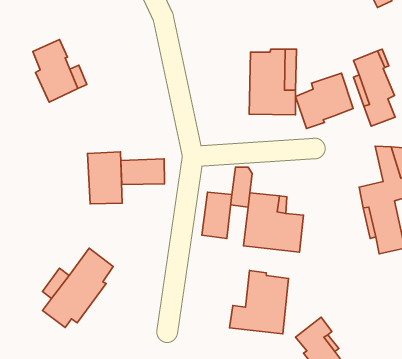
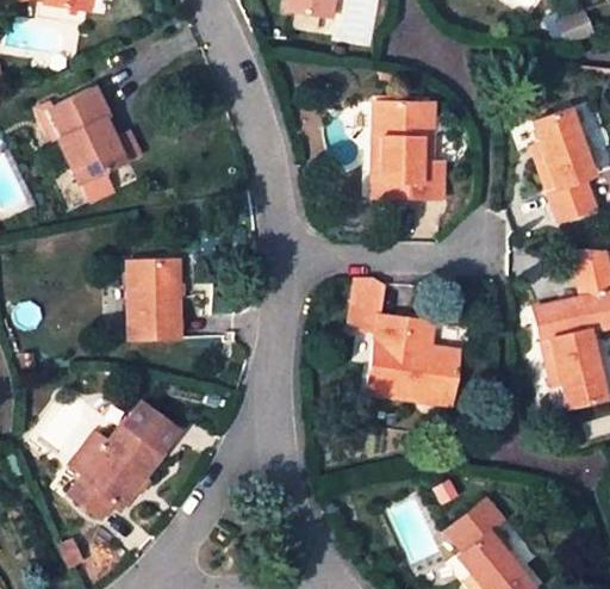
building: [296,73,353,129] -> none
building: [121,159,164,185] -> none
building: [202,192,232,239] -> none
building: [230,271,289,334] -> none

